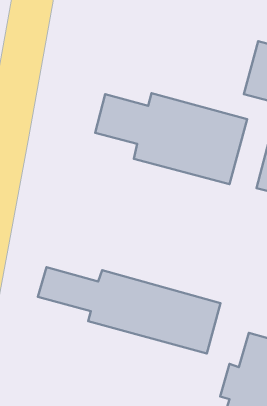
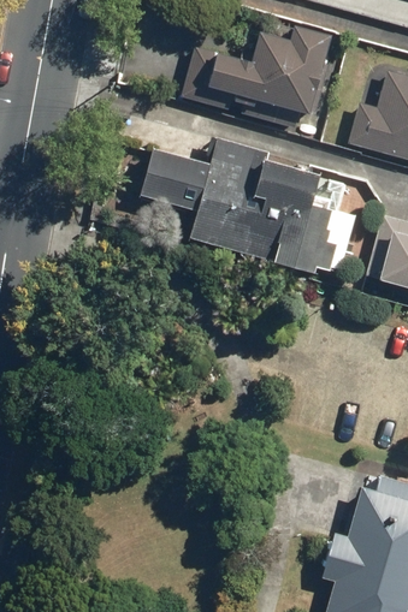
building: none -> [184,24,343,136]
building: [38,267,221,353] -> none

